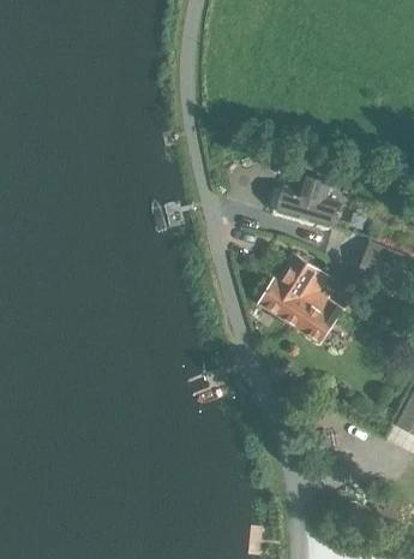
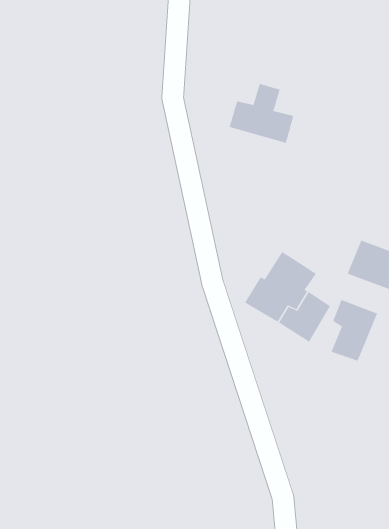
building: [277,170,340,227] -> [229,83,294,143]
building: none -> [331,299,378,362]

